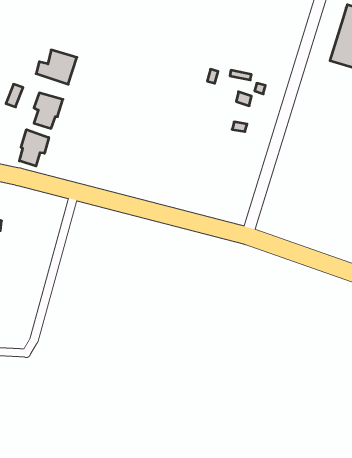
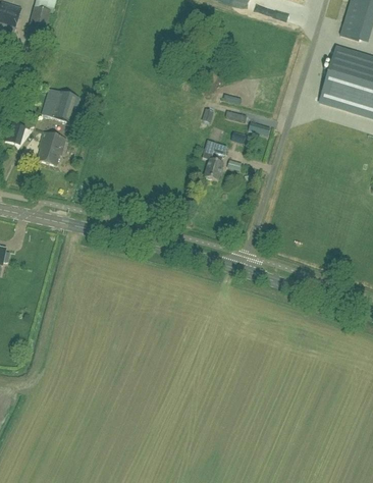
building: none -> [202,139,226,179]
building: [19,130,49,166] -> none

